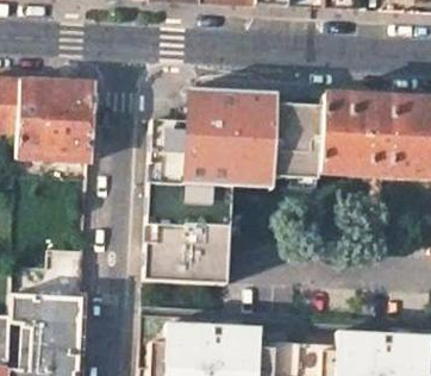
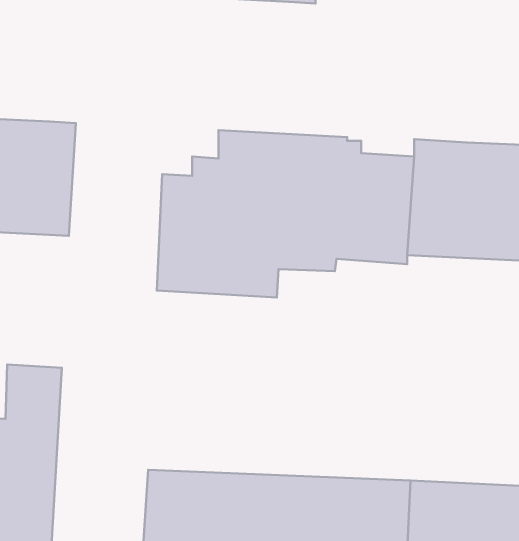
building: [143,199,238,287] -> none

